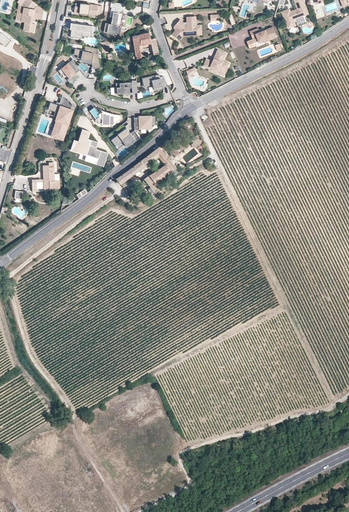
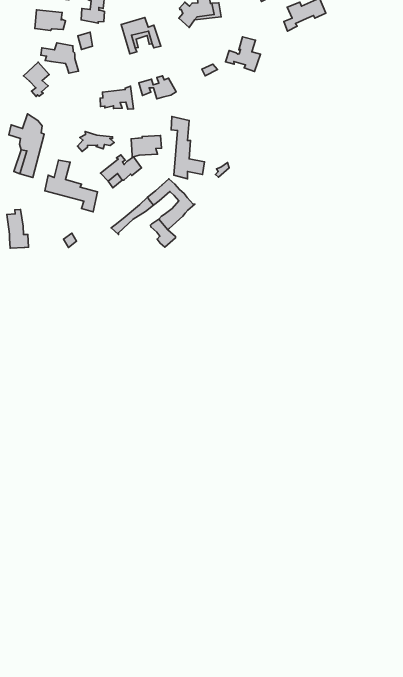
building: none -> [171,116,204,179]

